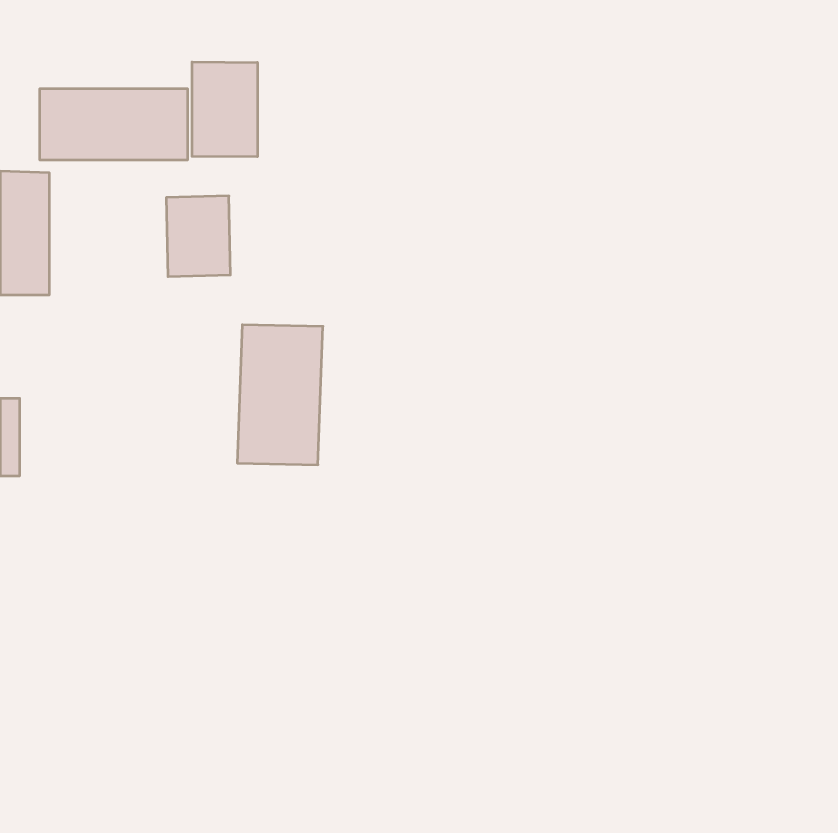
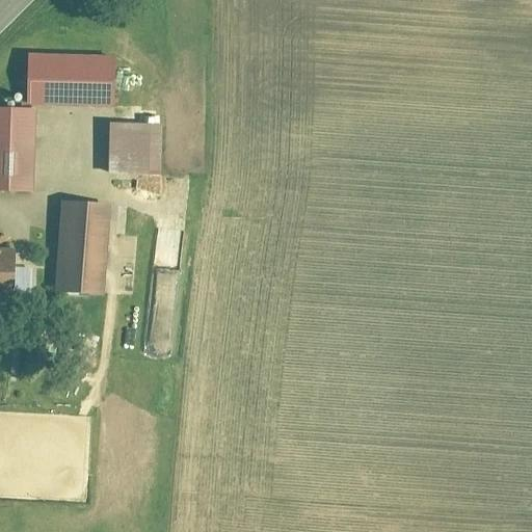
building: [192,62,257,157] -> none
building: [237,325,323,465] -> [54,201,108,289]

